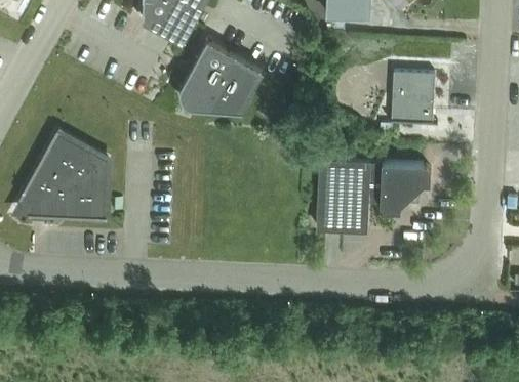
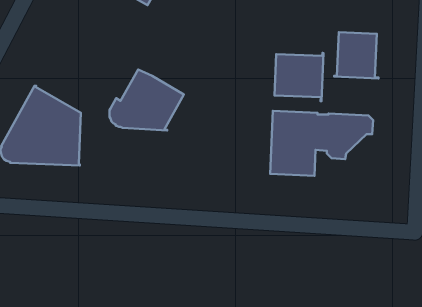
building: [179,45,262,113] -> [110,69,184,131]
building: none -> [275,53,323,101]

